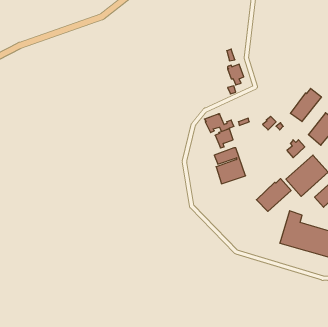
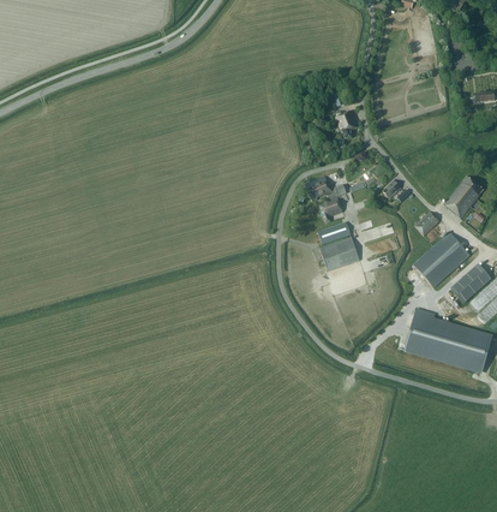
building: [290,88,321,122] -> none
building: [256,179,291,211] -> none

